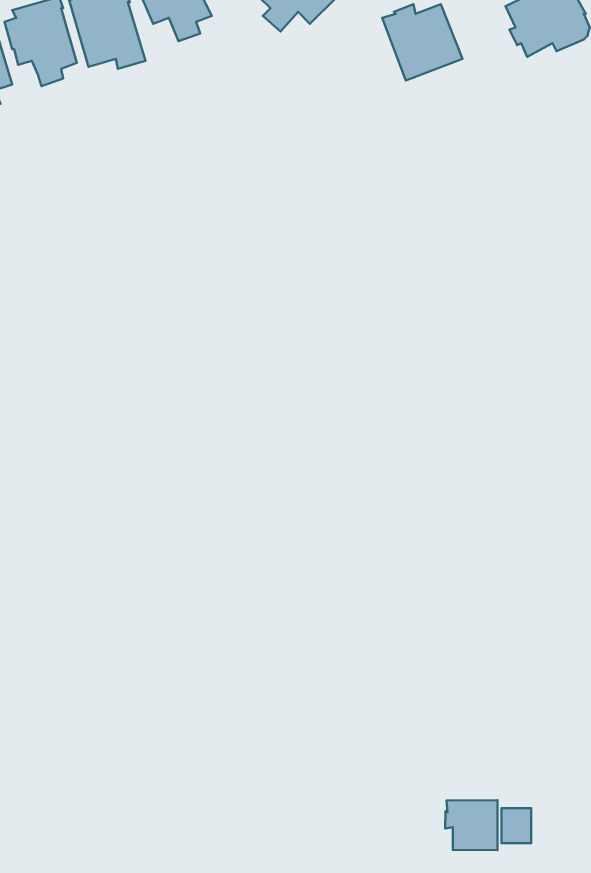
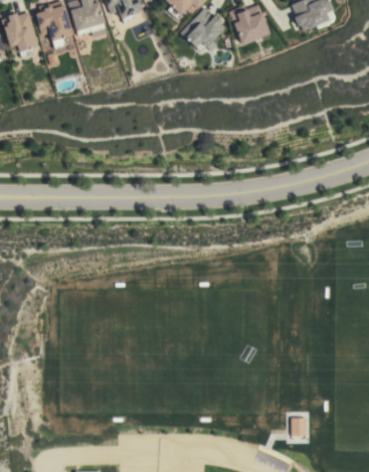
building: none -> [181,7,226,51]
building: [445,800,497,850] -> none

